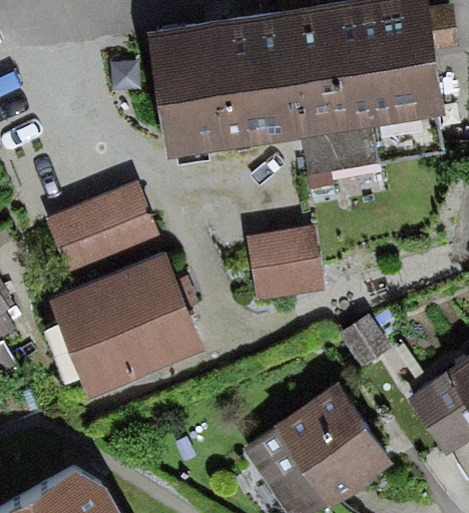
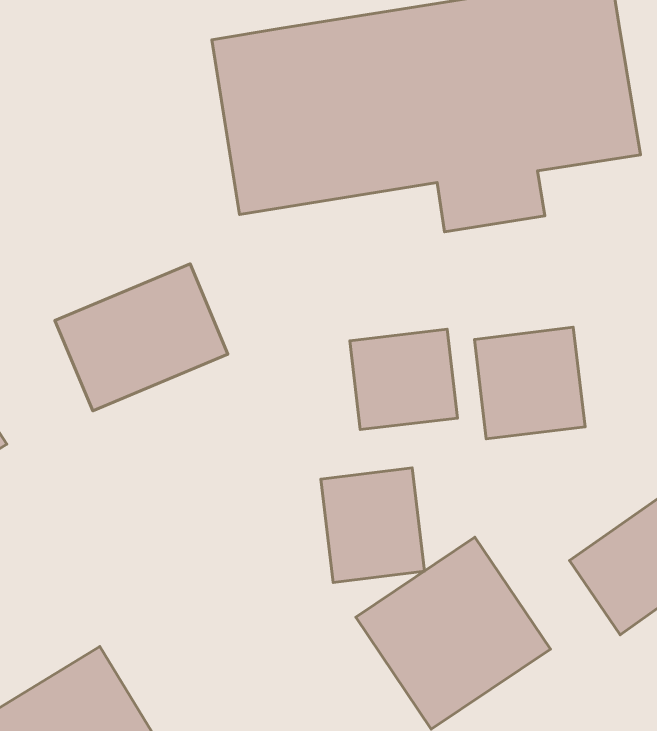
building: none -> [474,327,585,439]
building: [48,251,206,401] -> none
building: none -> [321,468,425,582]

